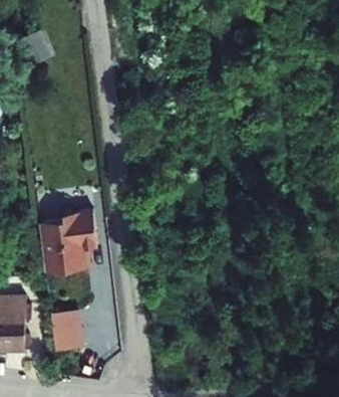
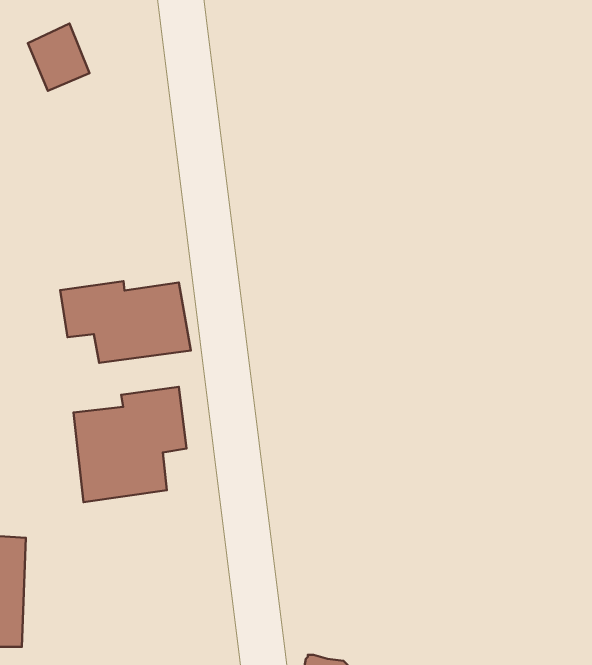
building: none -> [60,281,191,363]
building: [51,312,82,353] -> none

